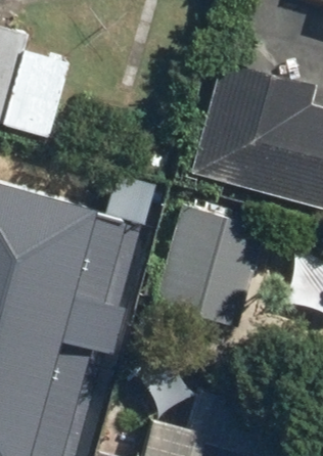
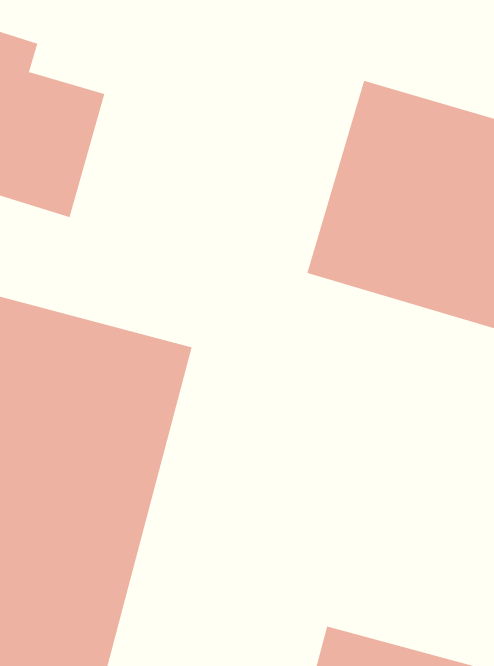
building: [153,207,267,332] -> none

